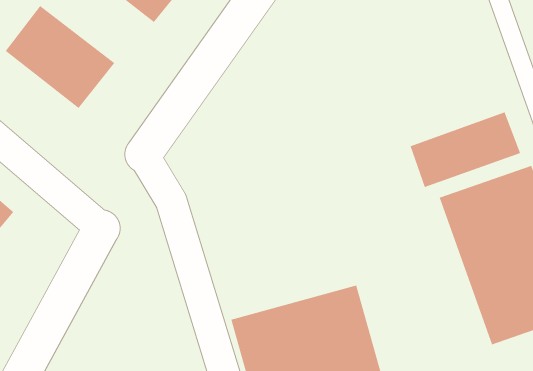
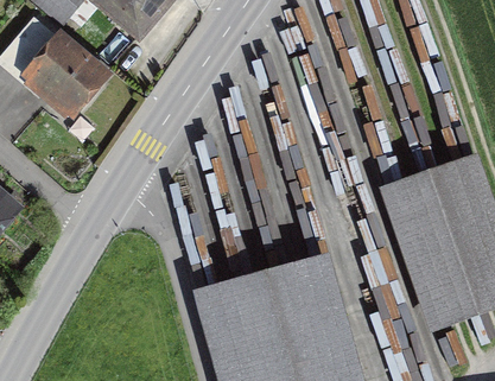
building: [410,112,521,188] -> none

